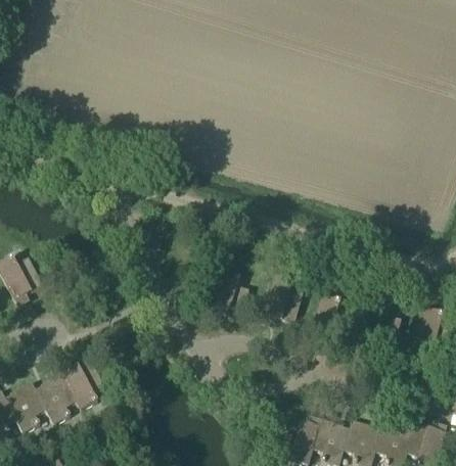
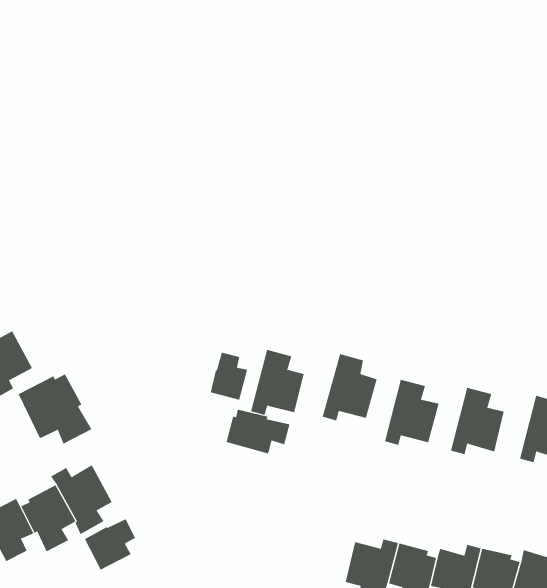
building: none -> [210,352,248,400]
building: none -> [18,373,92,444]
building: none -> [226,409,290,454]
building: none -> [84,518,136,570]

